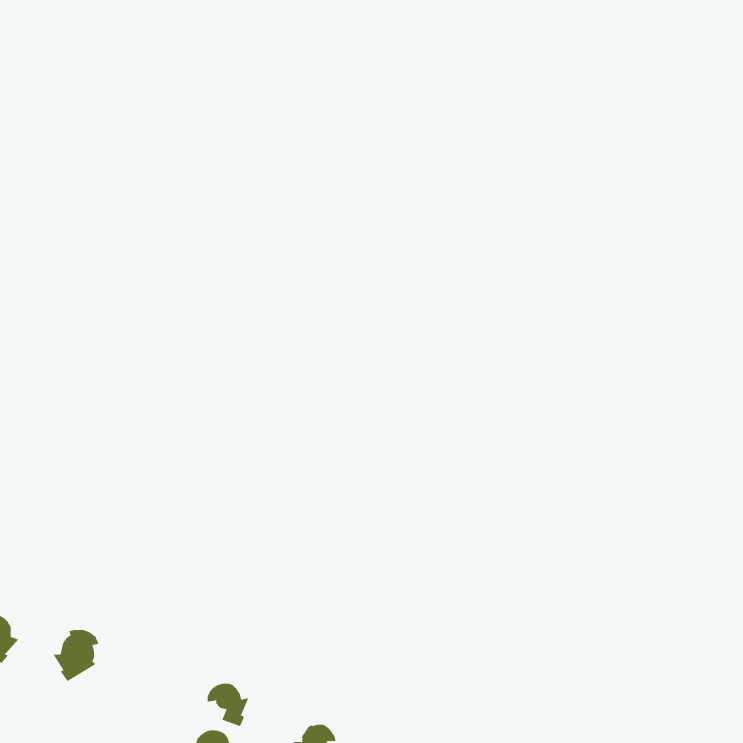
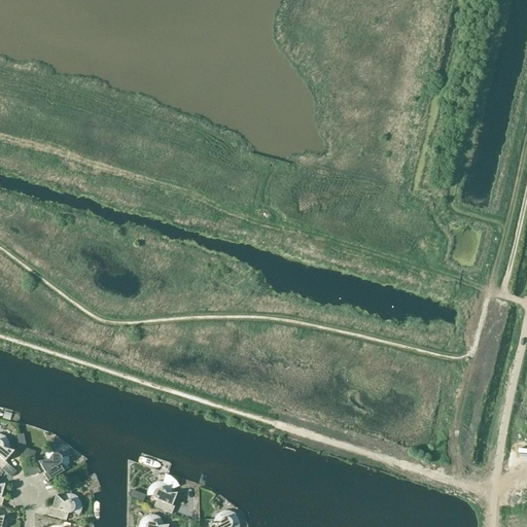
building: none -> [46,495,80,522]

